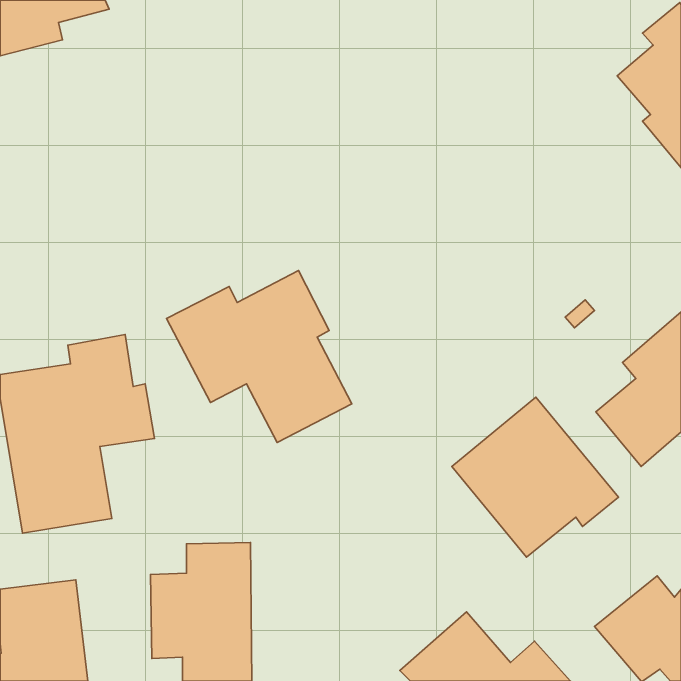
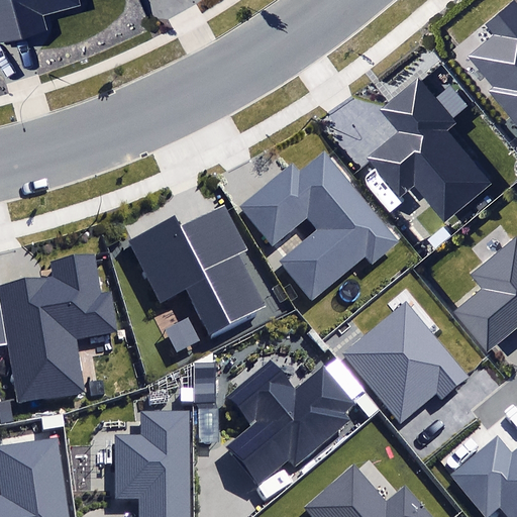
building: none -> [367,78,491,221]
building: none -> [240,149,401,302]
building: none -> [224,361,356,486]

